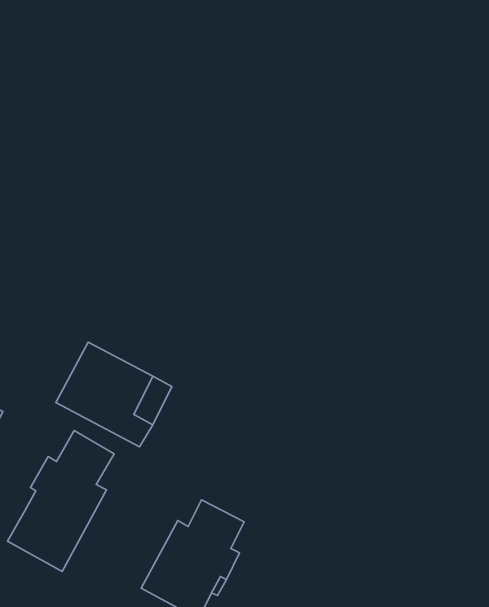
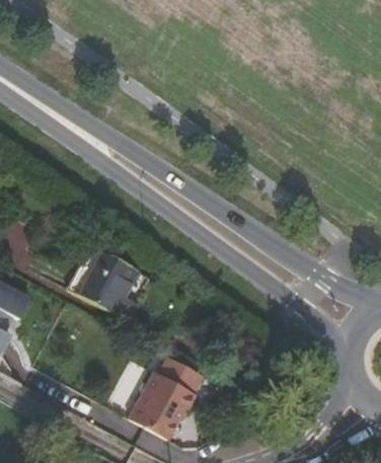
building: [7,431,114,571] -> none

